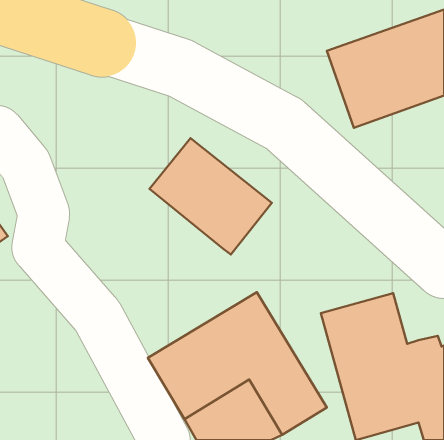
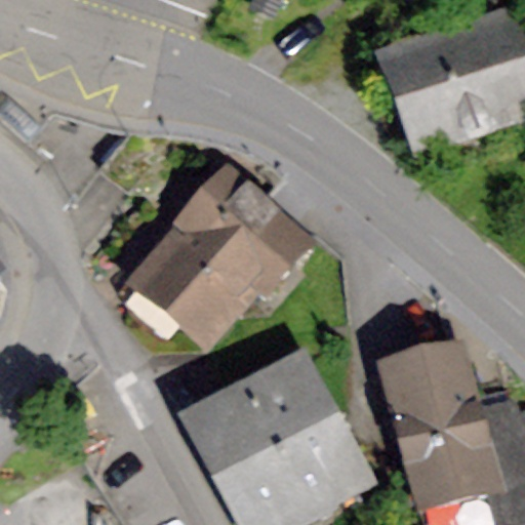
building: none -> [126,221,261,352]

